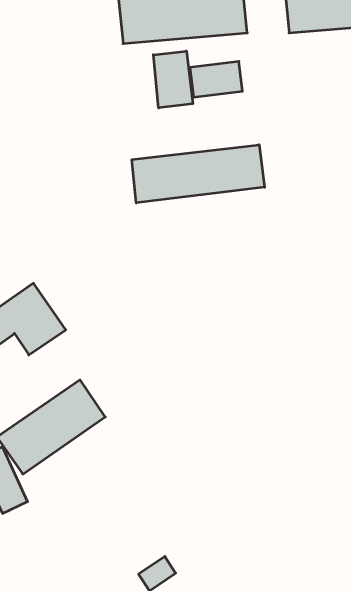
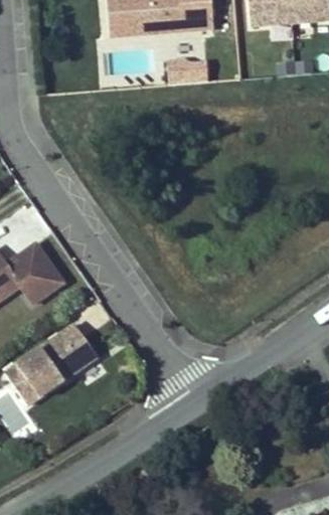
building: [153,51,193,108] -> none
building: [132,145,265,203] -> none

